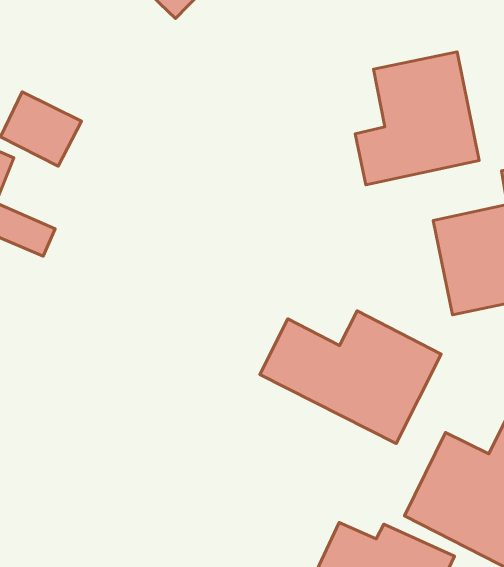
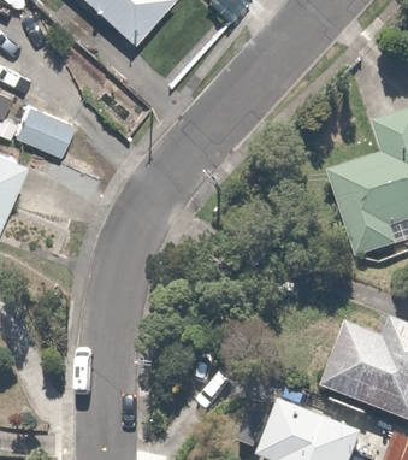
building: [355,52,479,185] -> none
building: [260,311,441,444] -> none

